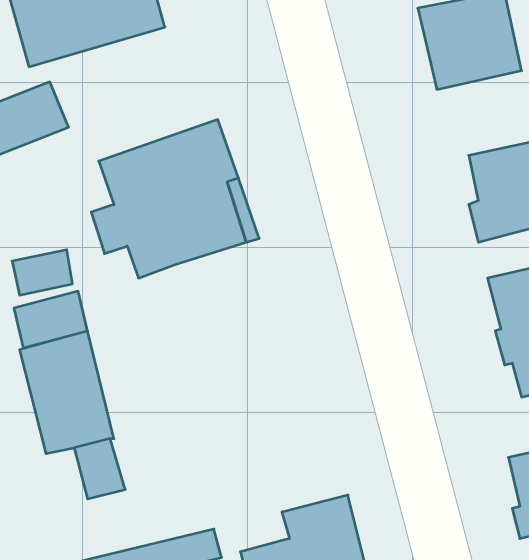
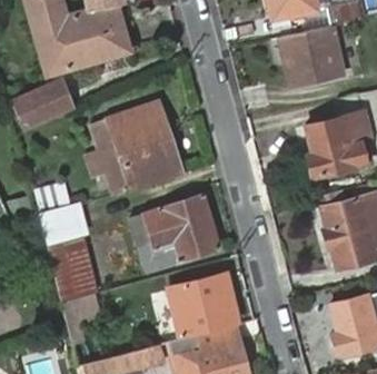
building: none -> [143,196,218,264]
building: none -> [169,275,237,335]

